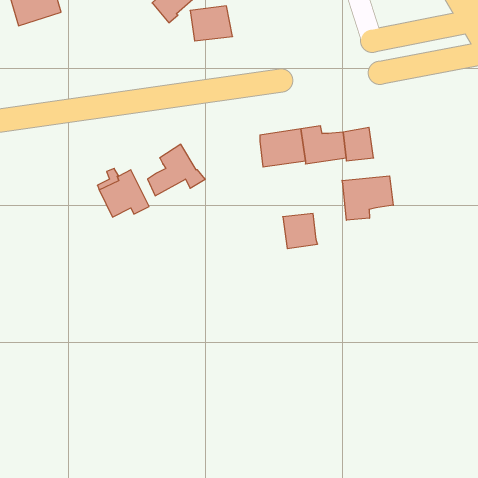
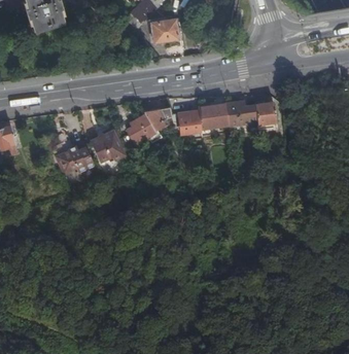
building: none -> [144,108,173,131]
building: [342,176,393,220] -> none
building: none -> [55,140,93,174]
building: [283,214,318,249] -> [178,111,202,135]

